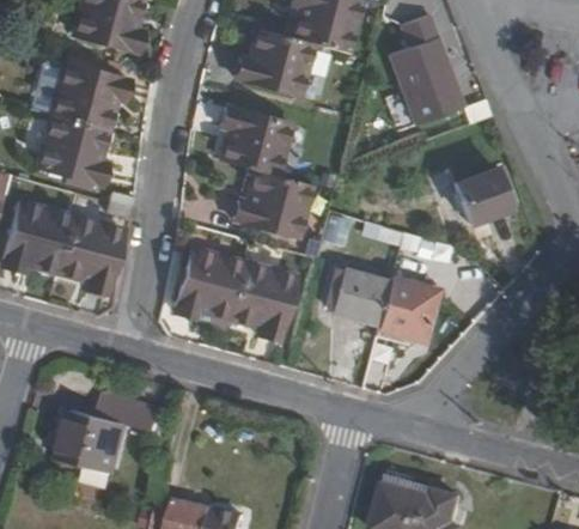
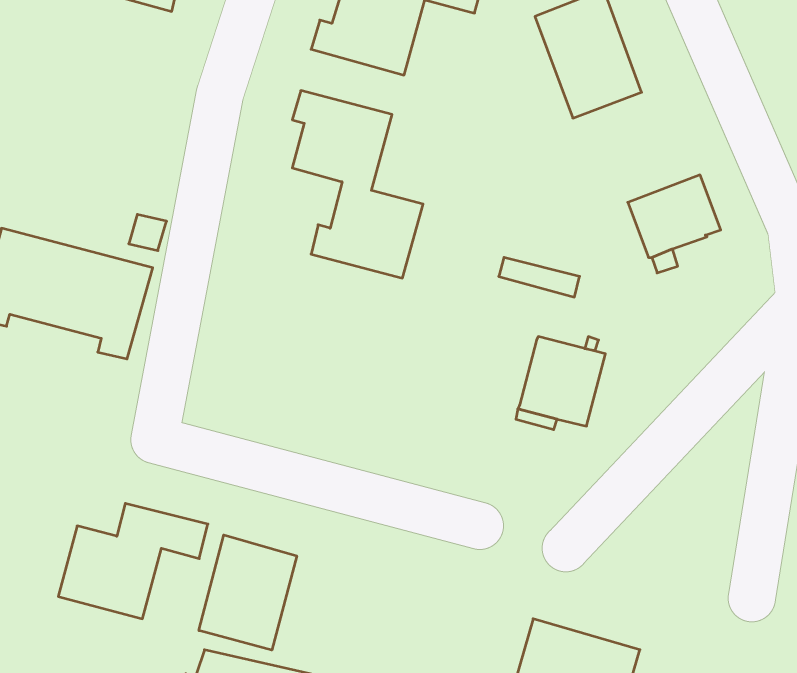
building: [38,63,129,184] -> none
building: [175,248,297,340] -> none
building: [331,267,391,326] -> none
building: none -> [199,535,297,650]

